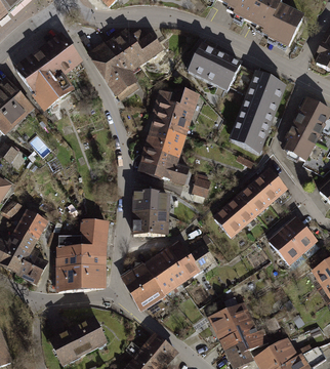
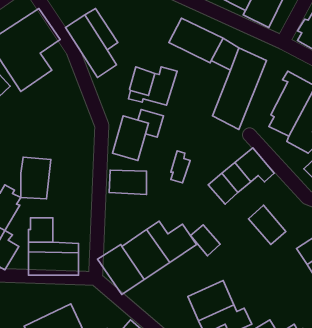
building: [119,30,166,67] -> none
building: [146,121,188,141] -> none
building: [160,155,189,188] -> none
building: [215,204,244,234] -> [190,225,220,256]
building: [131,211,168,237] -> none
building: [281,211,317,249] -> none
building: [78,220,107,260] -> [21,157,51,199]

